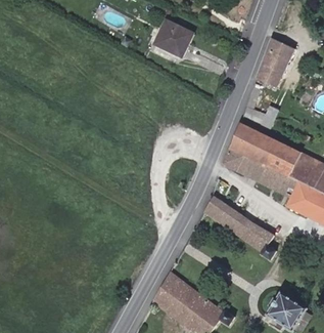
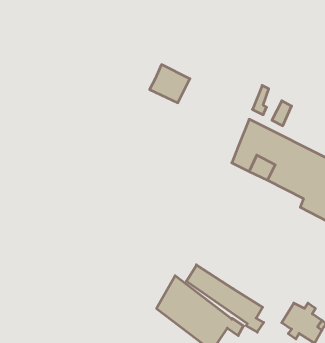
building: [154,20,192,56] -> [150,65,190,103]
building: [257,38,294,87] -> none
building: [203,196,276,259] -> [186,265,264,332]

